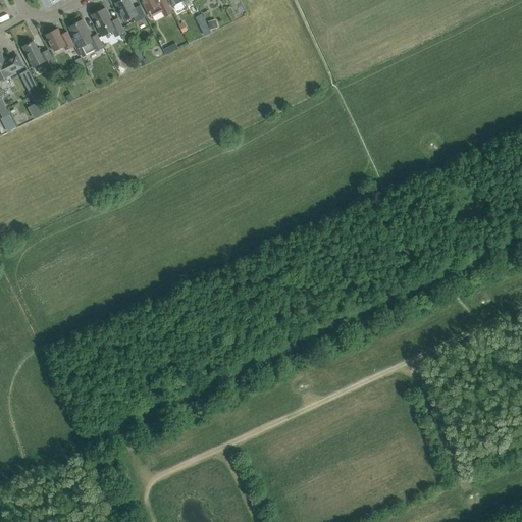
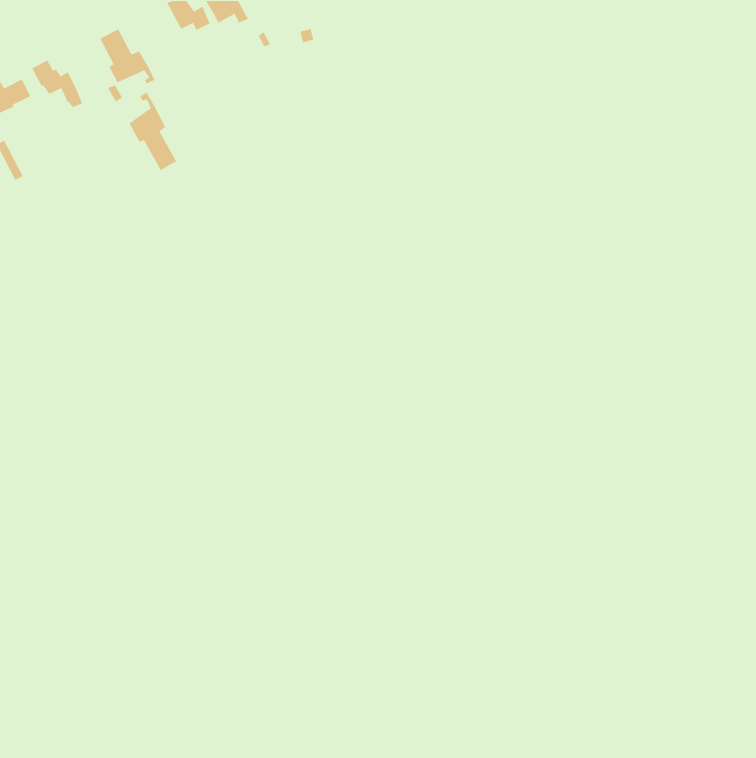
building: [92,7,123,36] -> none
building: [45,28,73,51] -> none
building: none -> [129,91,177,171]

